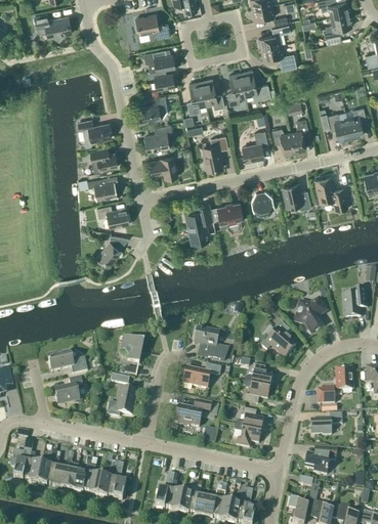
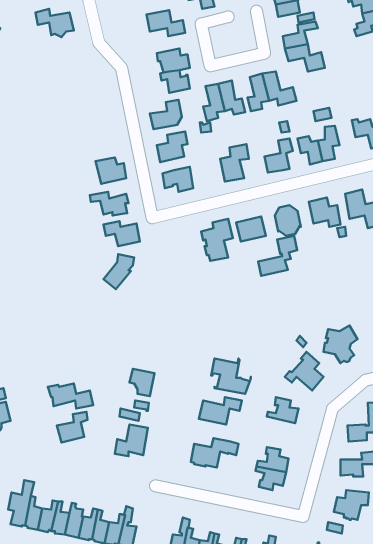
building: [77,120,111,145] -> none
building: none -> [258,236,297,276]
building: [243,381,269,404] -> none

